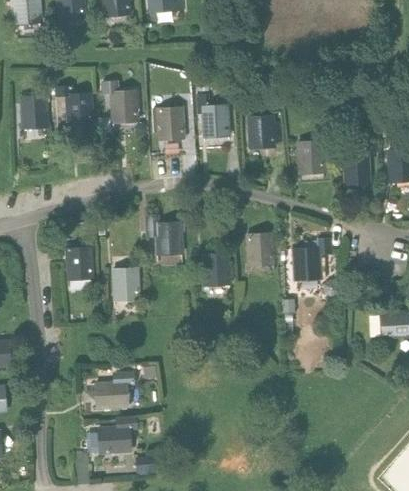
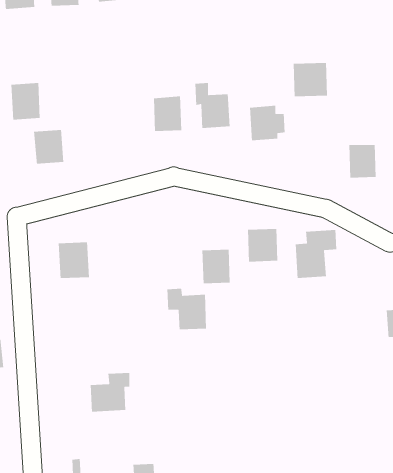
building: [109,88,138,122] -> none
building: [62,91,92,125] -> [33,129,64,164]
building: [298,138,332,172] -> [293,62,328,97]
building: [144,215,183,256] -> [166,288,207,330]
building: [110,268,140,303] -> none
building: [96,418,137,457] -> none

